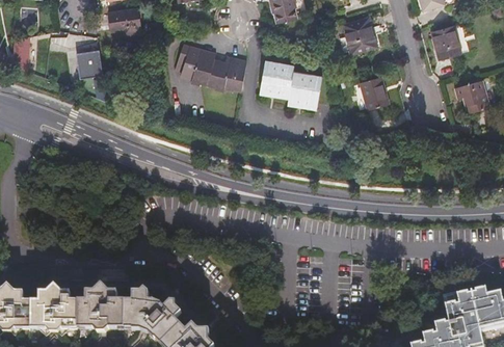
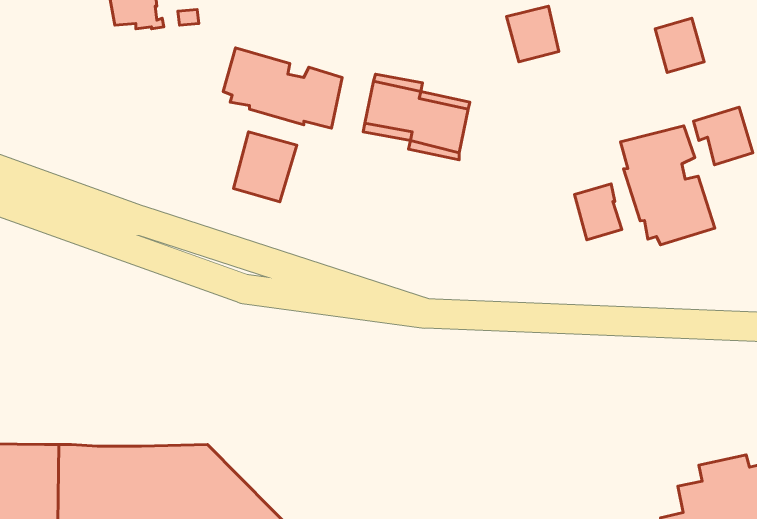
building: [75,48,102,77] -> none
building: [360,77,388,110] -> [575,184,622,240]
building: none -> [621,126,715,245]
building: none -> [234,132,297,202]

